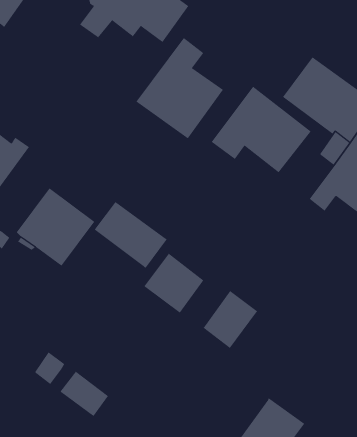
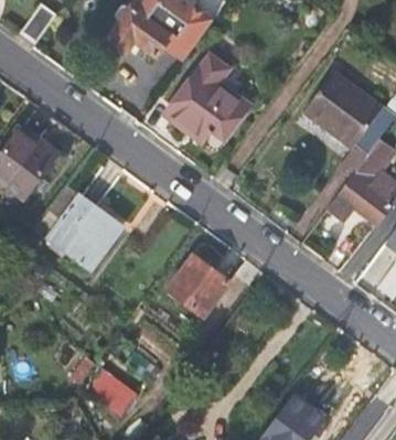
building: [211,86,312,173] -> none
building: [94,201,168,269] -> none
building: [203,290,258,349] -> none

